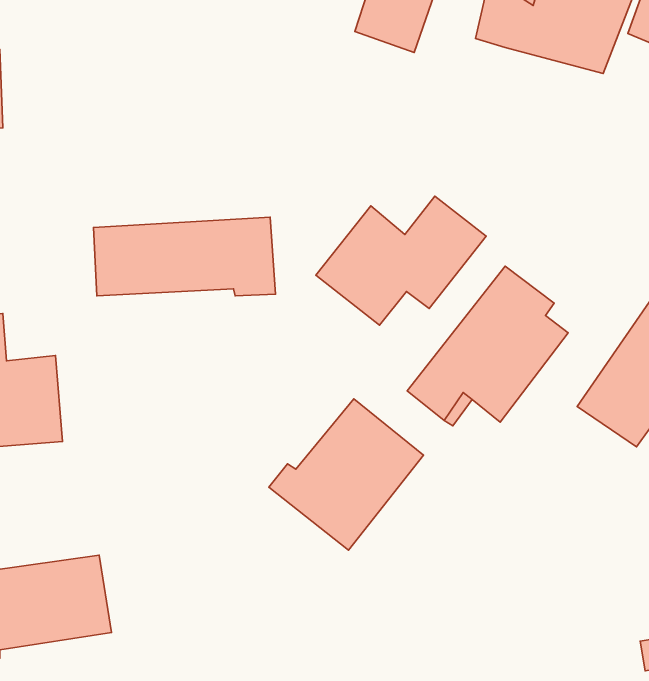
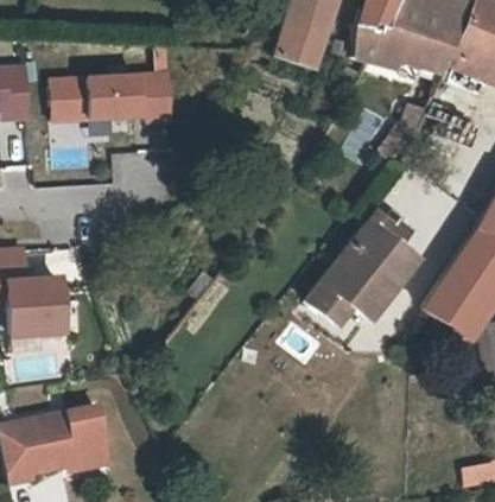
building: [316,196,486,325] -> none
building: [93,217,275,296] -> [55,70,178,123]
building: [269,399,424,550] -> none

